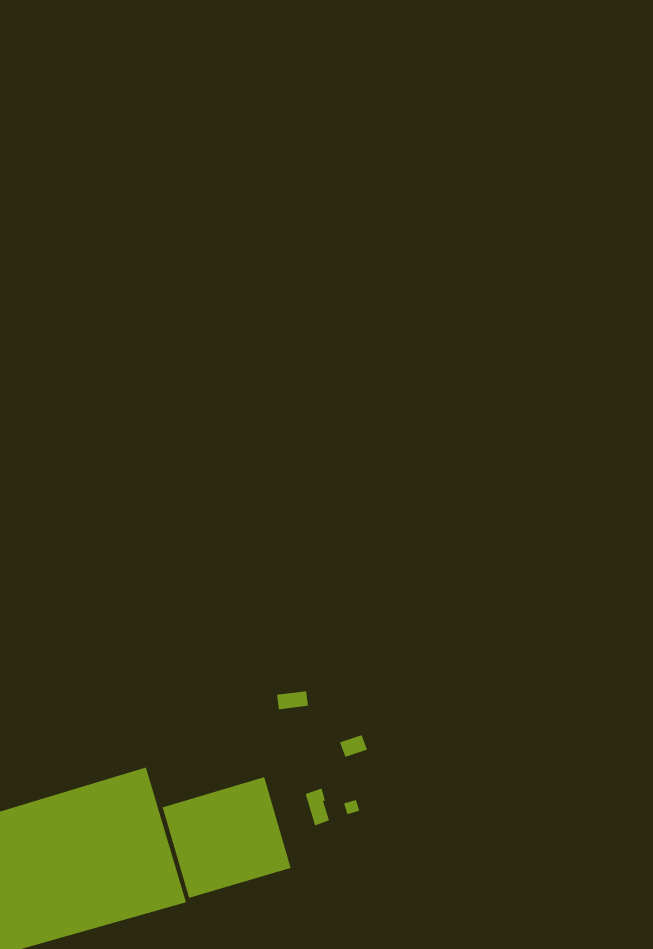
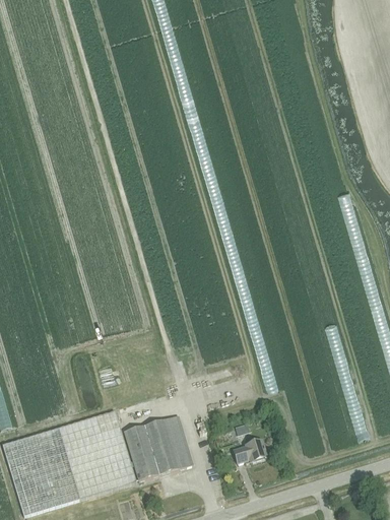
building: none -> [234,439,267,462]

